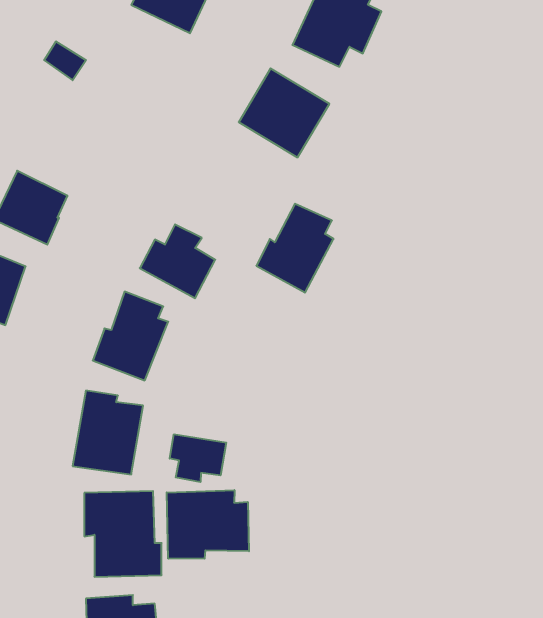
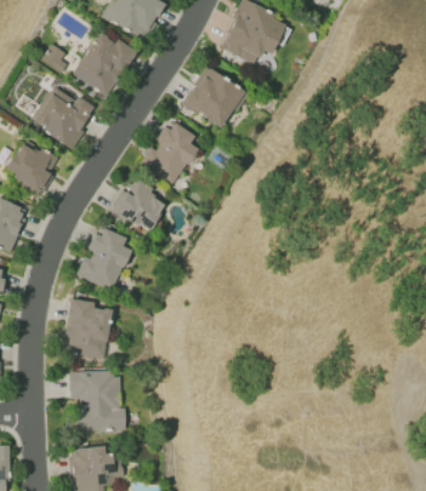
building: none -> [73,30,136,97]
building: none -> [30,86,97,148]
building: [256,204,334,293] -> [141,121,197,185]
building: [170,434,226,482] -> none
building: [167,490,249,559] -> none

